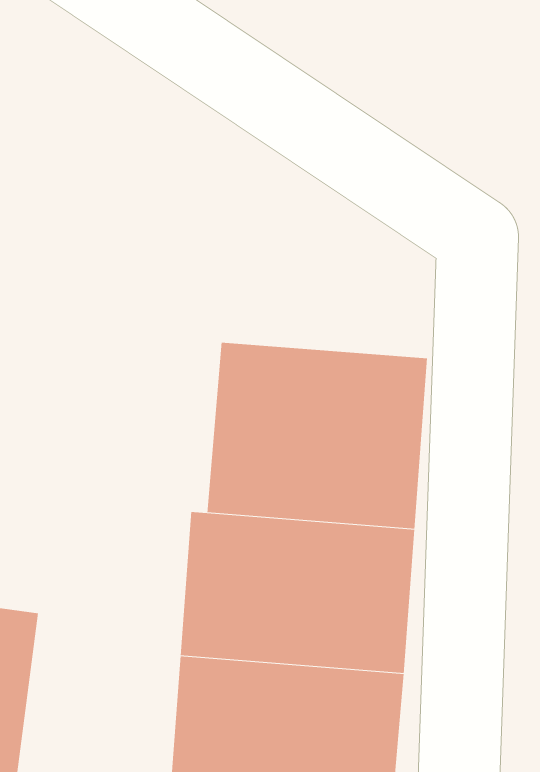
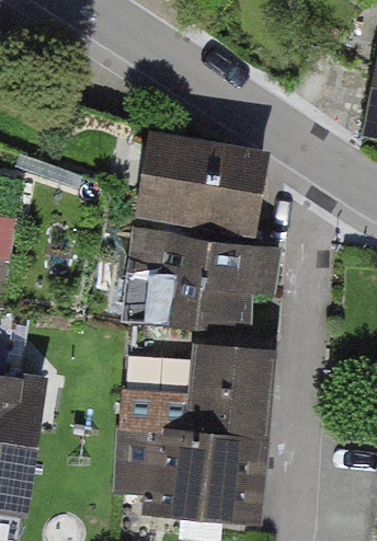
building: none -> [138,134,271,214]

